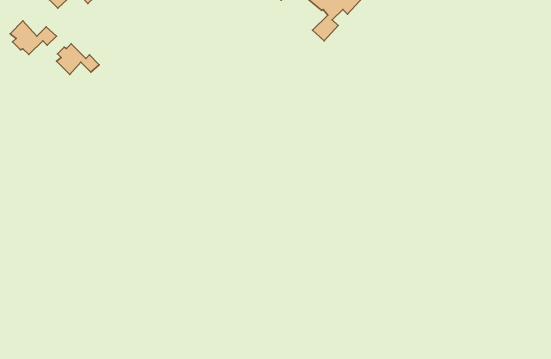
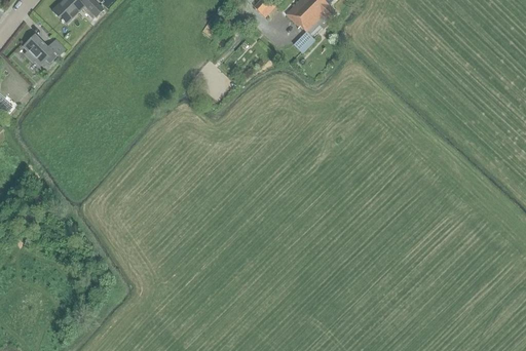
building: [56,44,99,75] -> none

